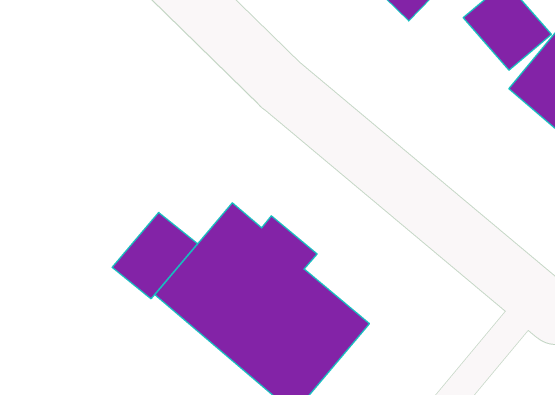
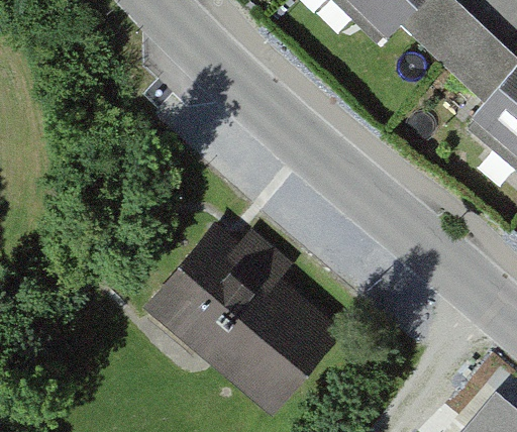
building: [112,212,197,299] -> none

